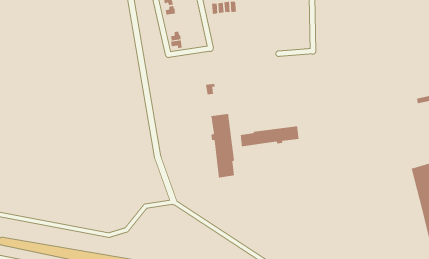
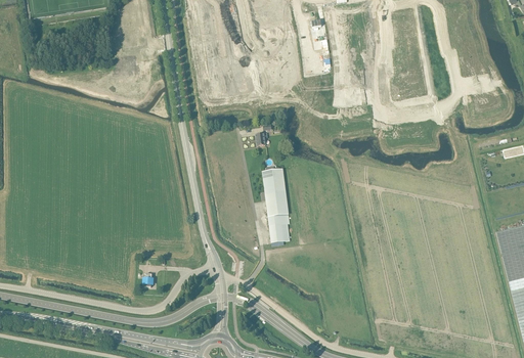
building: [240,125,299,147] -> none

